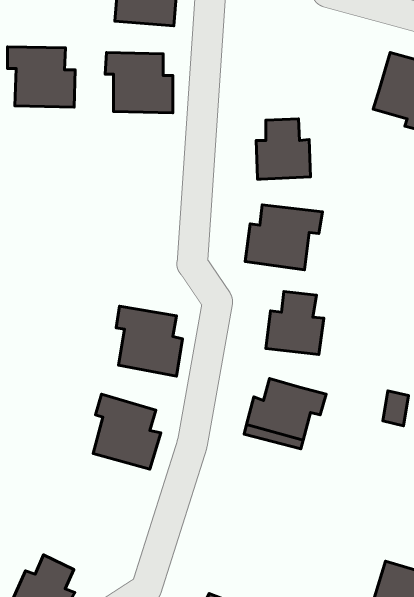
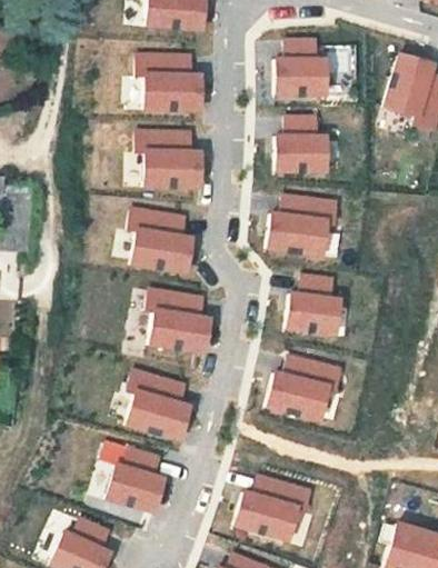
building: none -> [277,41,326,96]
building: [8,47,75,107] -> [139,131,201,187]
building: none -> [131,209,192,272]
building: none -> [107,448,163,511]
building: none -> [235,476,311,540]

